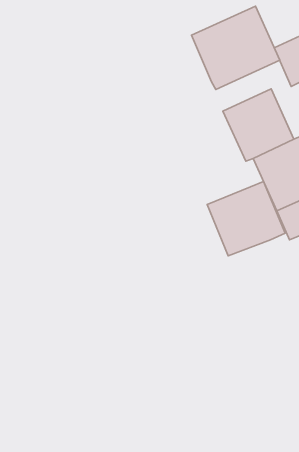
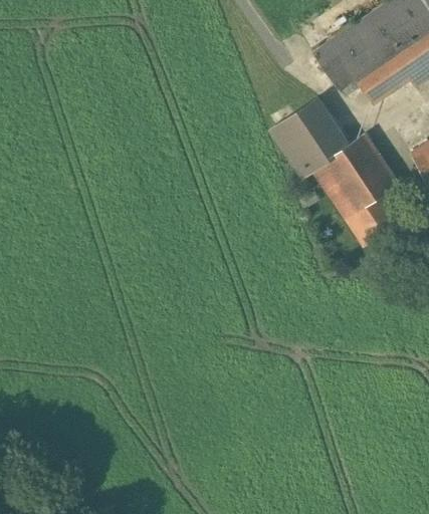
building: [191,6,280,89] -> none
building: [207,181,285,256] -> none

